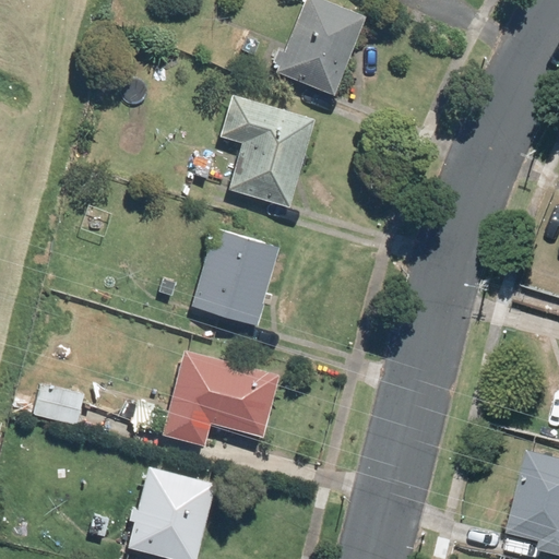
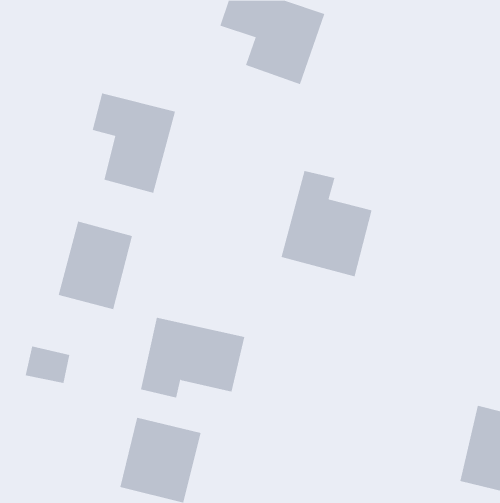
building: [218,97,311,209] -> [92,93,176,194]
building: none -> [281,170,372,277]
building: [190,228,273,326] -> [58,221,133,310]

